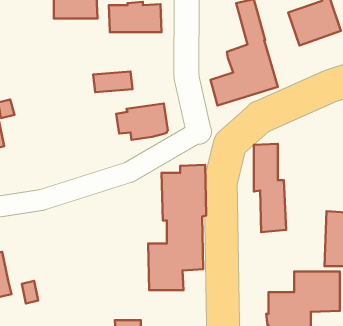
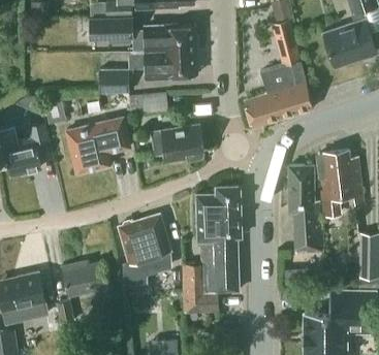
building: none -> [145,54,196,79]
building: none -> [98,69,128,93]
building: none -> [66,119,129,173]
building: none -> [316,151,361,218]
building: none -> [118,214,171,285]
building: none -> [61,261,108,295]

